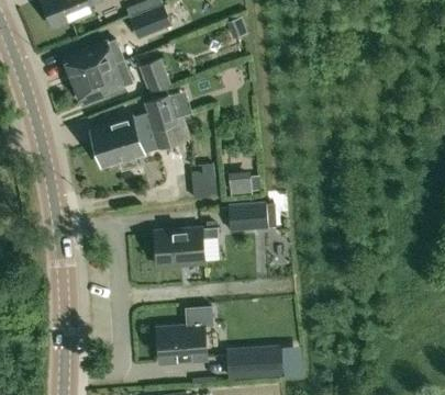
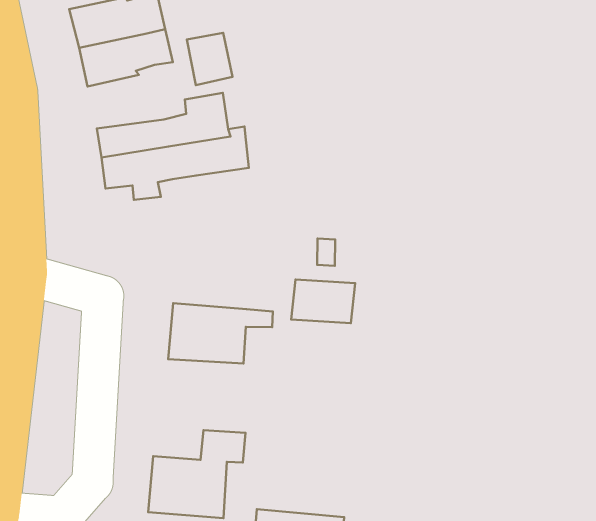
building: [191,162,218,199] -> none

